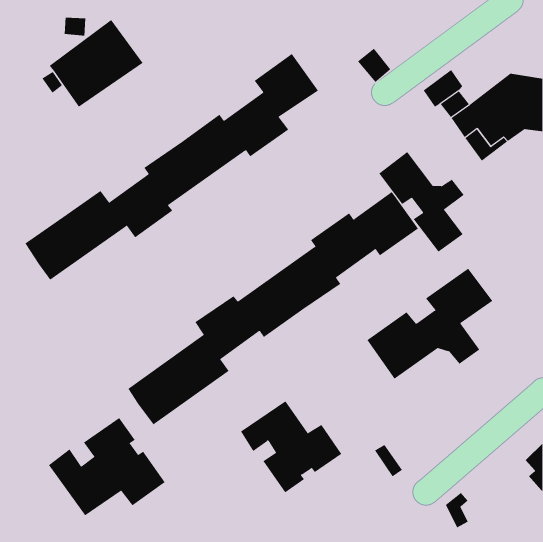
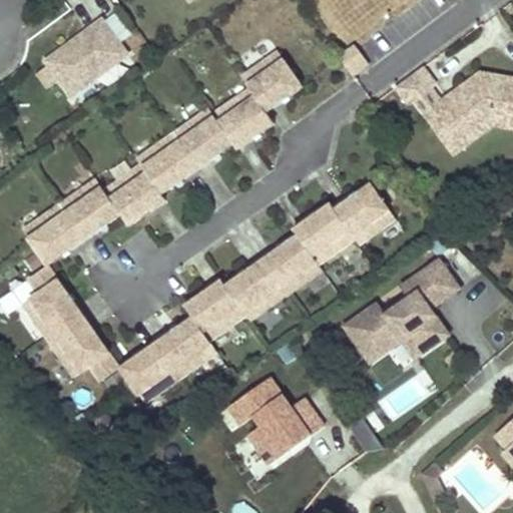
building: [378,151,464,253] -> none
building: none -> [23,266,120,381]
building: [48,417,165,516] -> none

